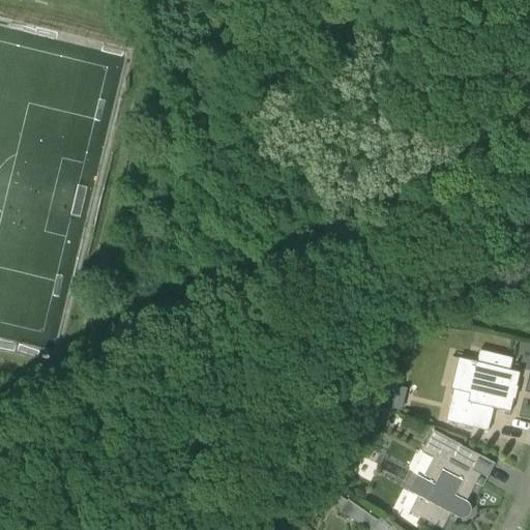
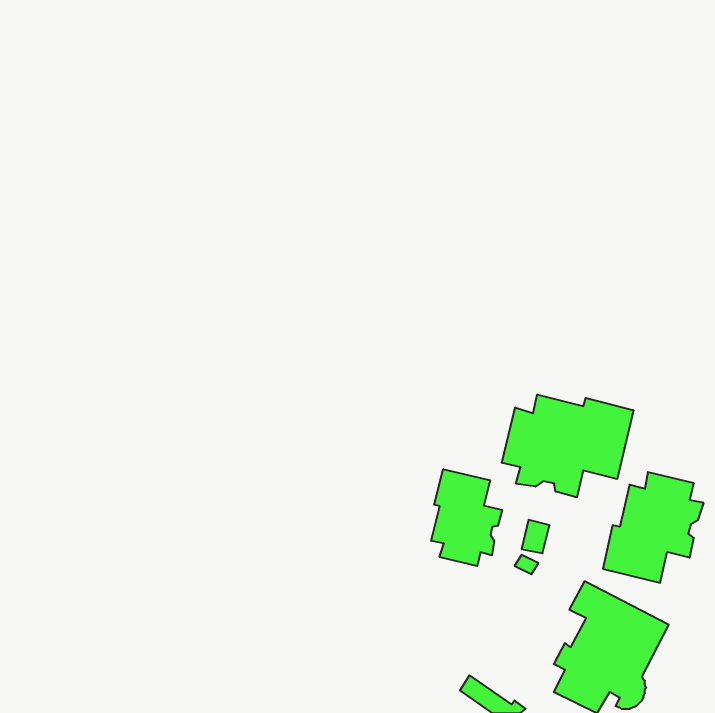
building: none -> [502,395,633,497]
building: none -> [431,469,502,566]

